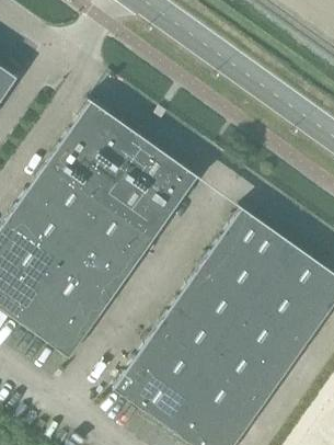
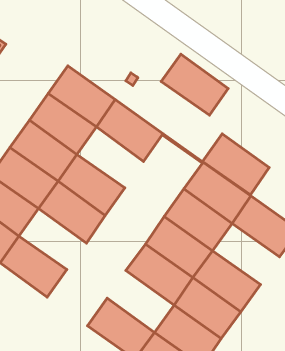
building: [101,169,175,237] -> [161,54,228,115]
building: [36,260,112,328] -> none
building: [252,276,326,344] -> [202,134,269,195]
building: [135,329,209,398] -> none

